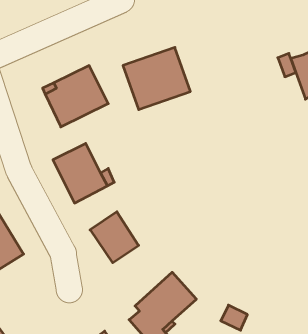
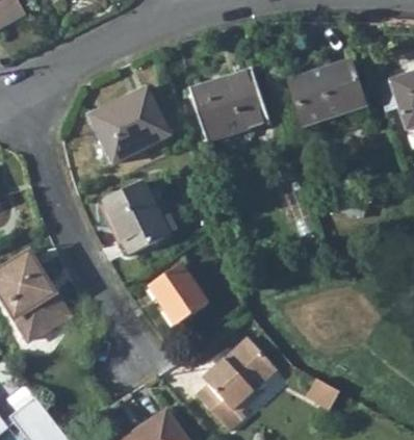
building: none -> [290,60,366,126]

